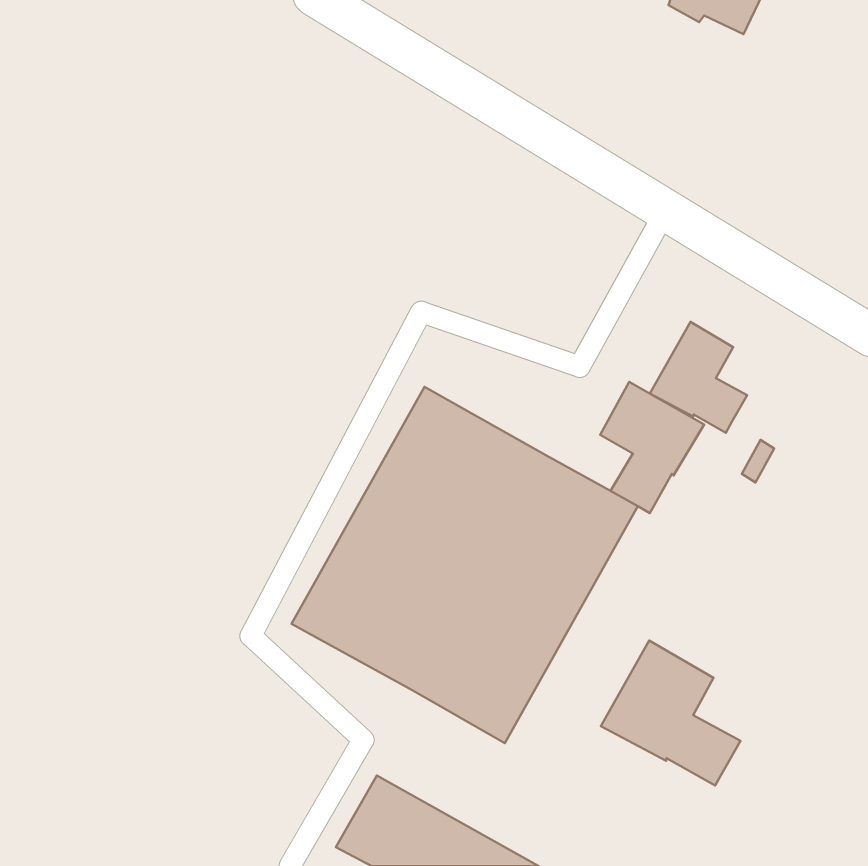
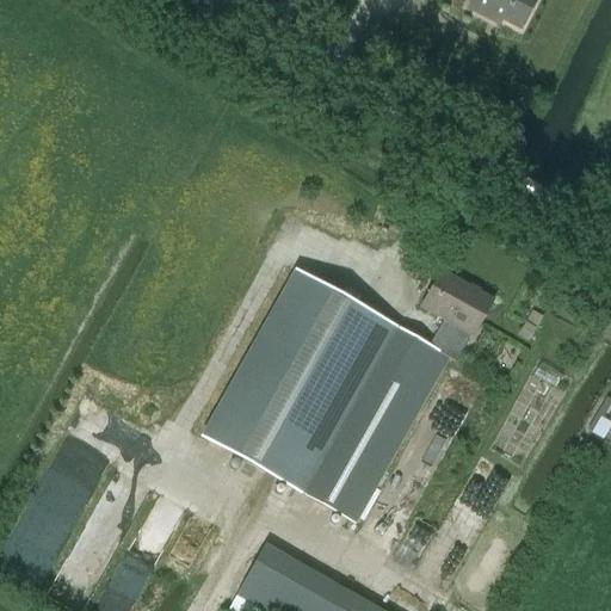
building: [650,322,747,433] -> none
building: [601,640,740,786] -> none

